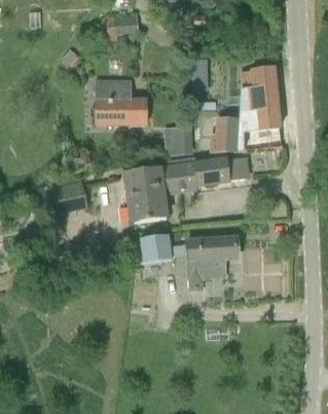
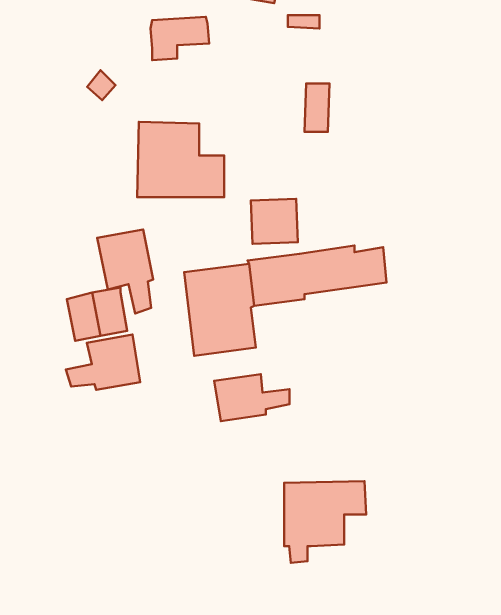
building: [209,66,283,151] -> none
building: none -> [97,230,153,314]
building: none -> [66,335,140,390]
building: [187,236,238,286] -> [284,481,366,563]

